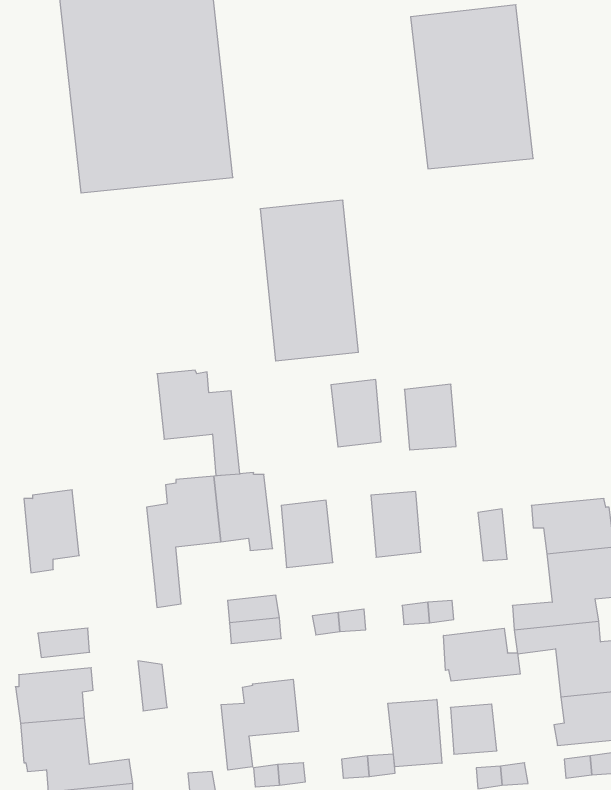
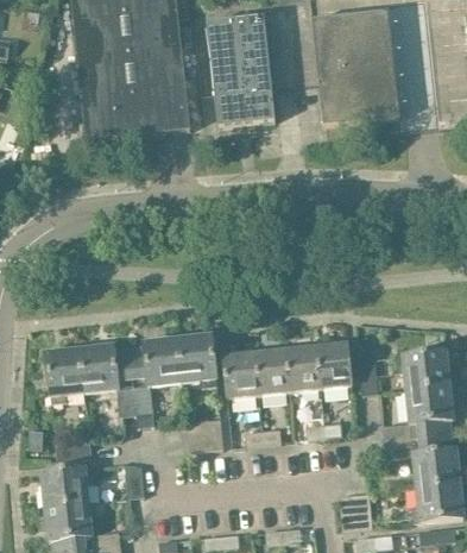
building: [260,200,358,361] -> [207,17,274,127]
building: [157,370,240,476] -> [80,343,137,415]
building: [331,380,381,447] -> [254,348,289,395]
building: [404,384,456,450] -> [316,343,352,388]
building: [444,628,520,681] -> none
building: [221,679,298,770] -> none
building: [388,699,442,767] -> none

